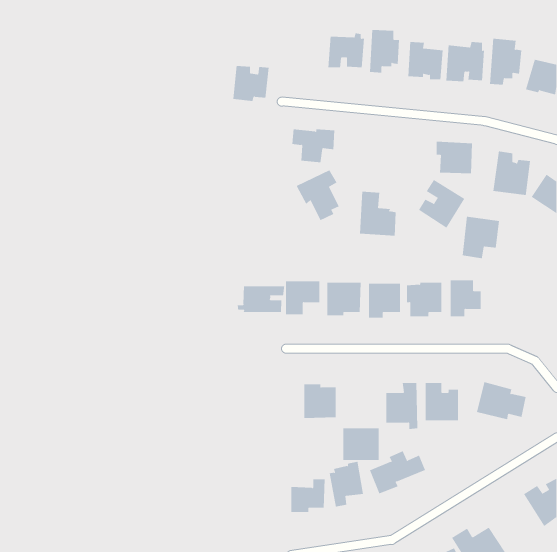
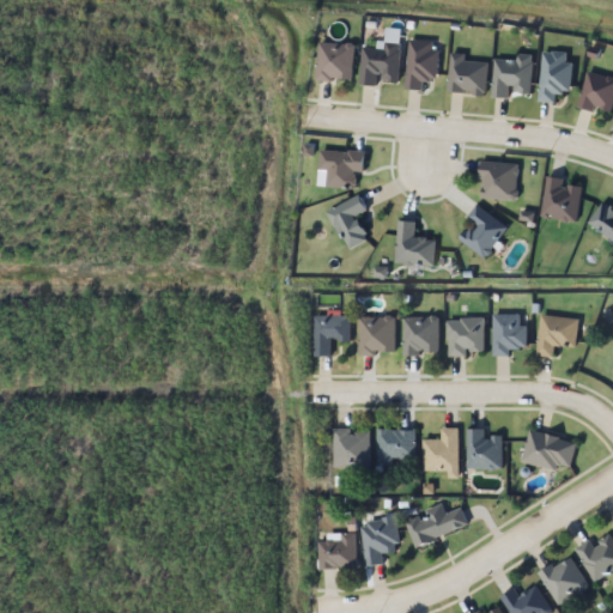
building: [232,65,270,101] -> [315,41,356,80]
building: [462,216,500,259] -> [536,312,578,359]
building: [237,285,285,313] -> none
building: [342,428,380,461] -> [377,429,418,465]
building: none -> [535,554,590,606]

